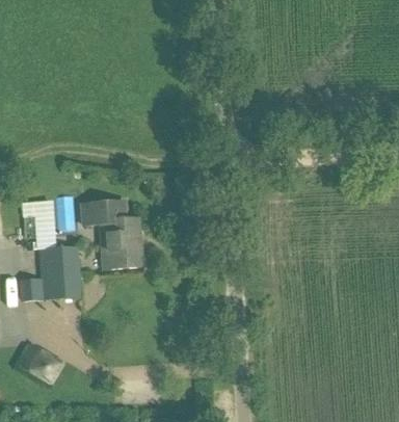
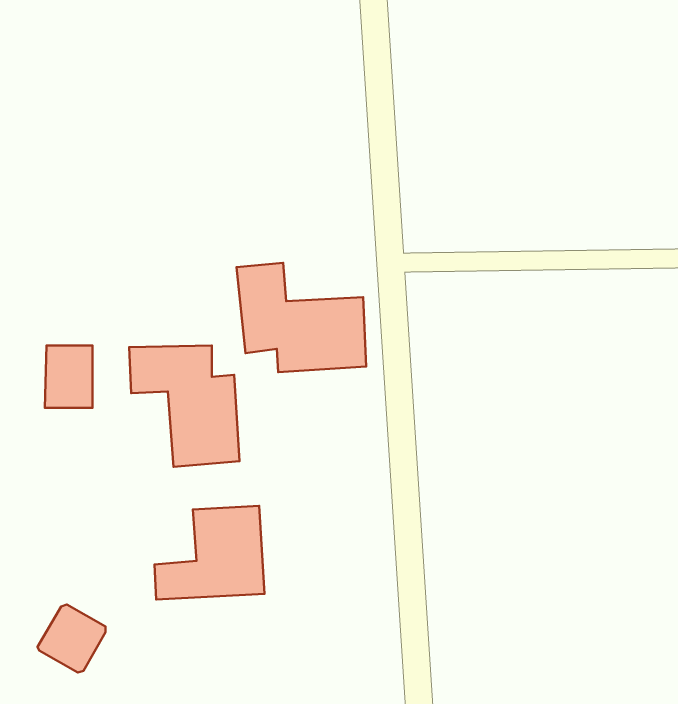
building: none -> [236,263,366,372]
building: [18,247,80,300] -> [154,506,265,599]

